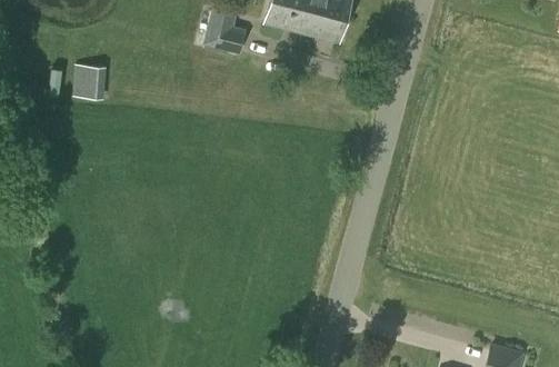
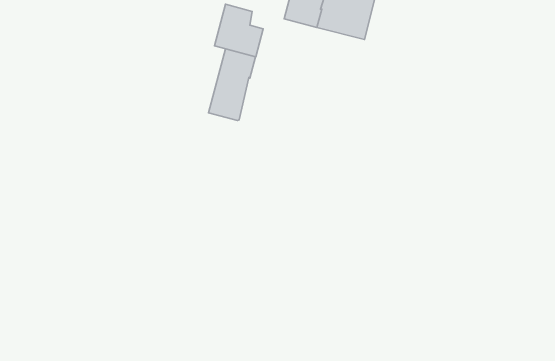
building: none -> [209,49,256,120]
building: [81,67,108,99] -> none

